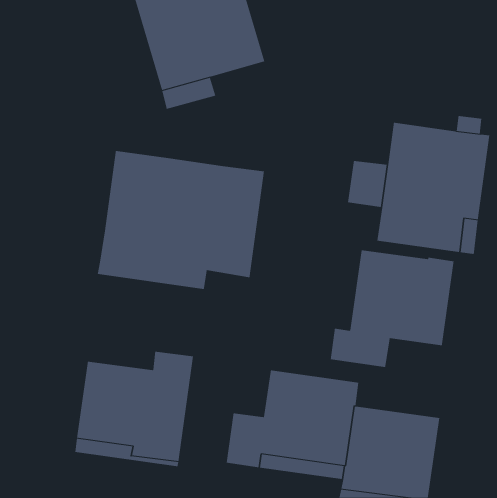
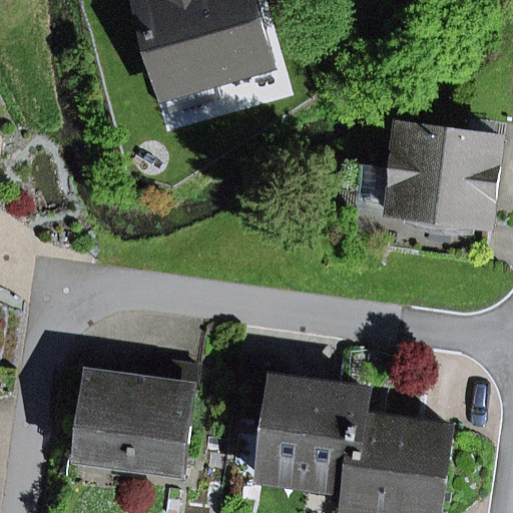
building: [97,150,265,290] -> none
building: [330,250,454,368] -> none

